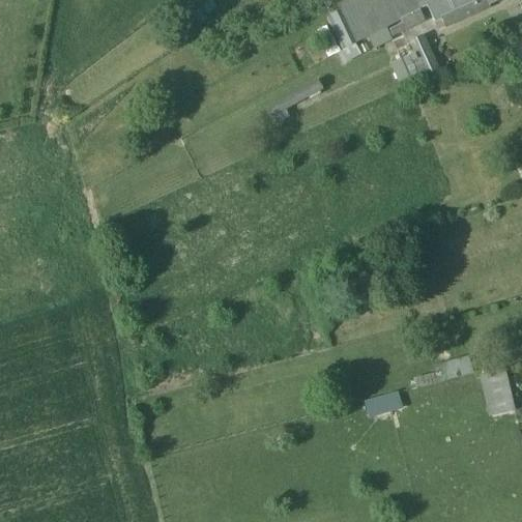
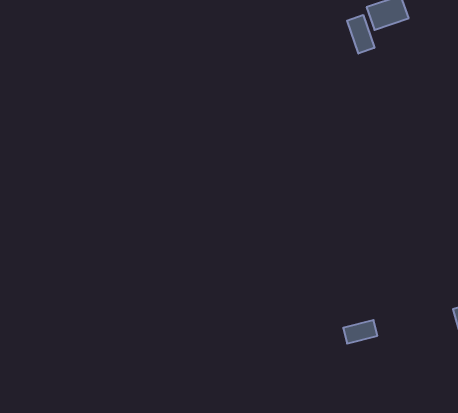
building: none -> [347,15,374,54]

